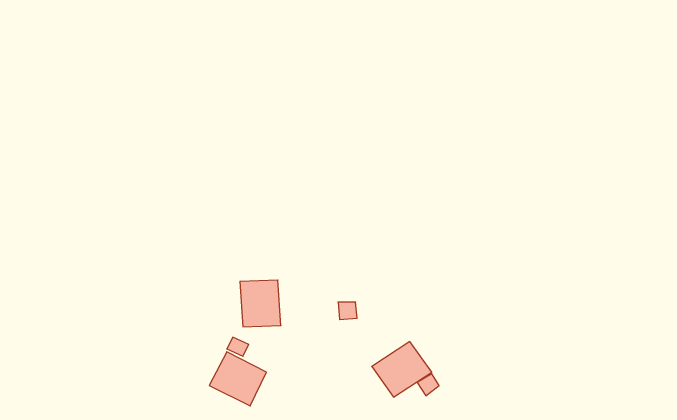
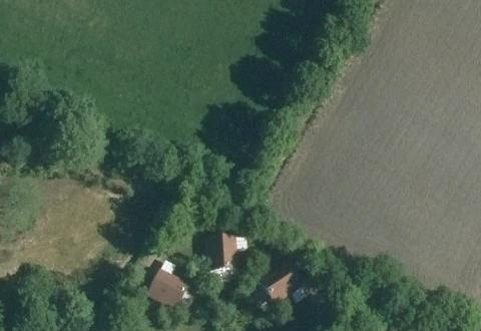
building: [240,280,281,327] -> [208,238,236,270]

